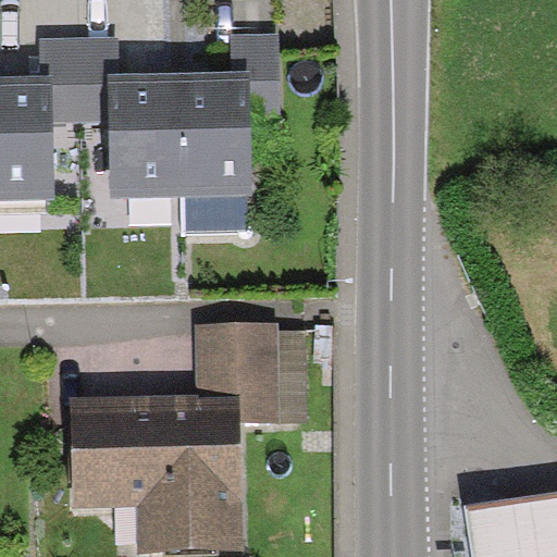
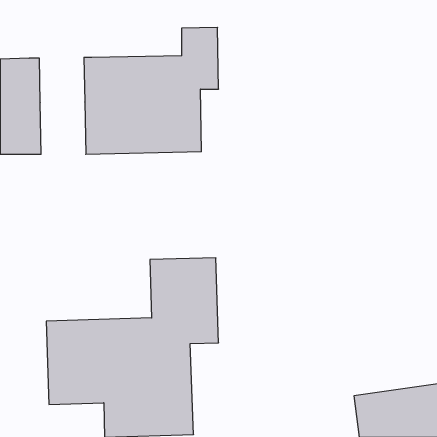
building: [38,38,117,131] -> none

